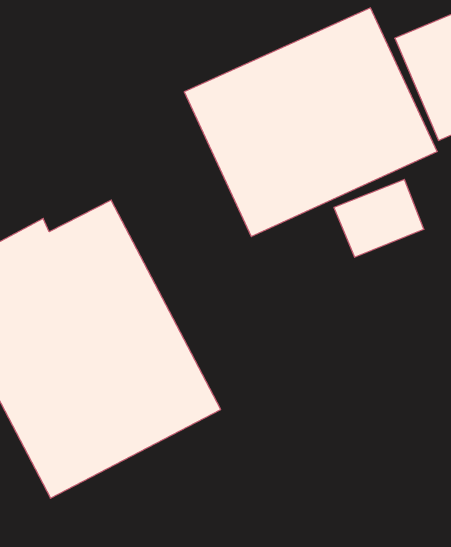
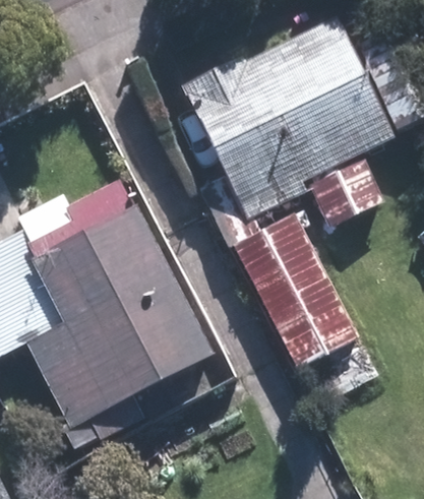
building: none -> [231,214,379,408]

